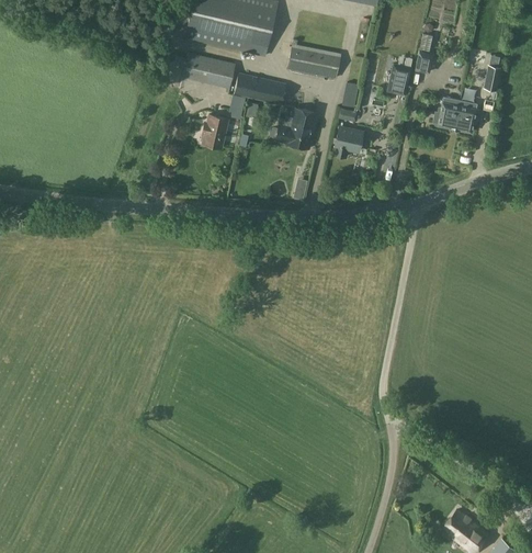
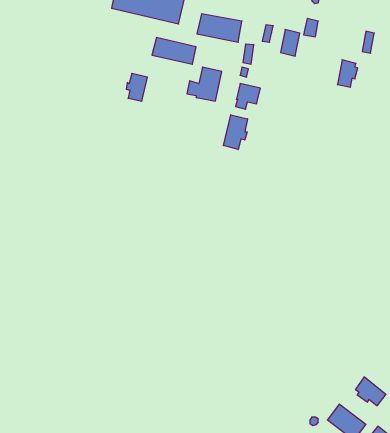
building: [182,53,236,89] -> none
building: [432,95,461,128] -> none
building: none -> [223,115,248,150]
building: none -> [356,377,386,406]

